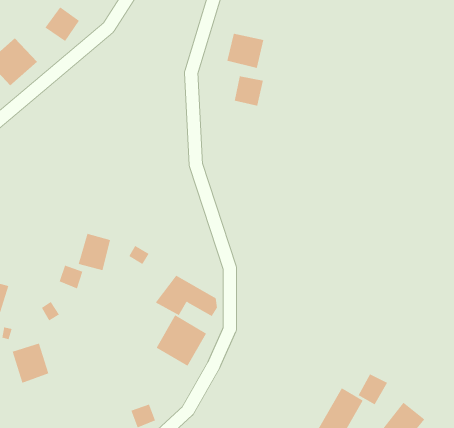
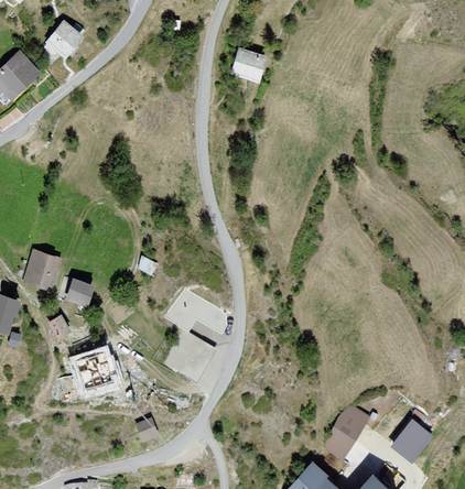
building: [234,76,264,106] -> none
building: [78,233,111,271] -> [22,250,55,287]
building: [12,343,49,384] -> [74,351,111,392]
building: [358,373,388,405] -> none

